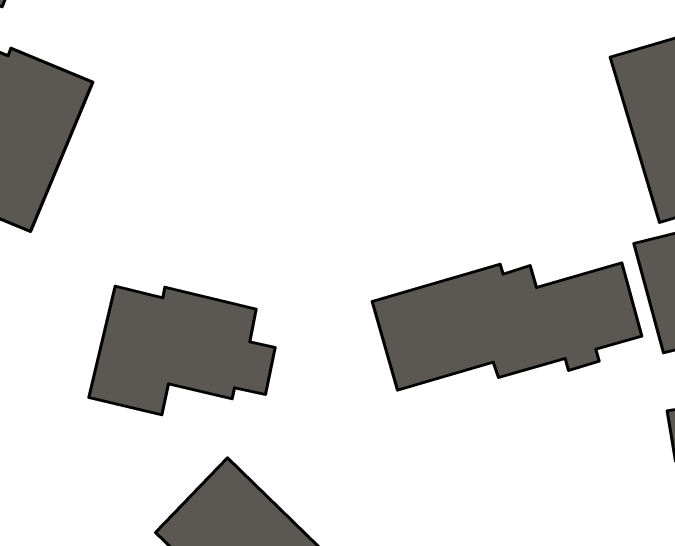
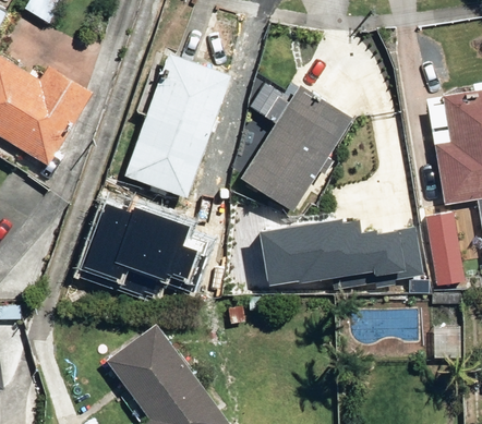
building: none -> [125,48,236,197]
building: none -> [244,87,351,211]

